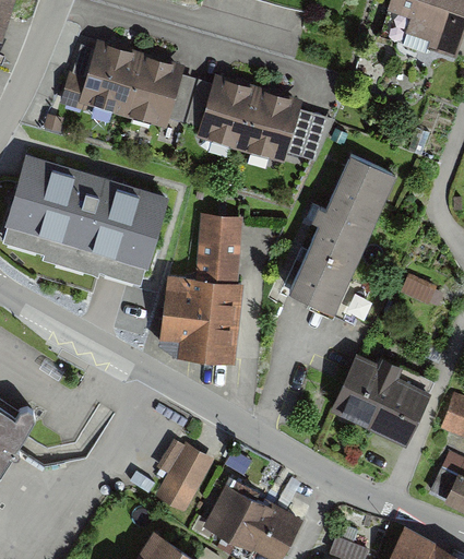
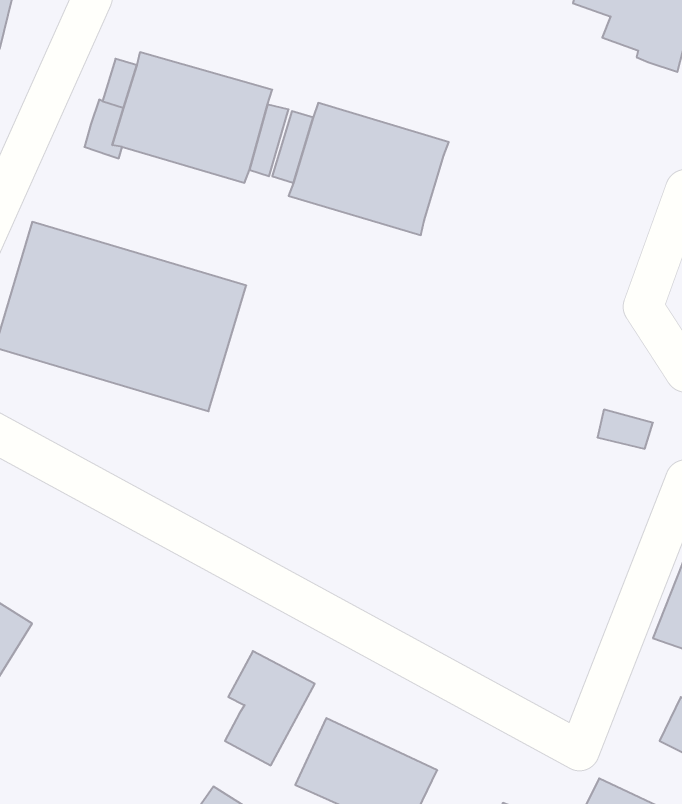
building: [288,109,336,162] -> none
building: [292,154,397,308] -> none
building: [157,216,241,366] -> none
building: [331,353,437,445] -> none

